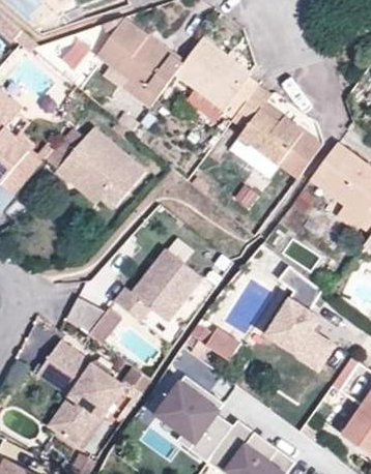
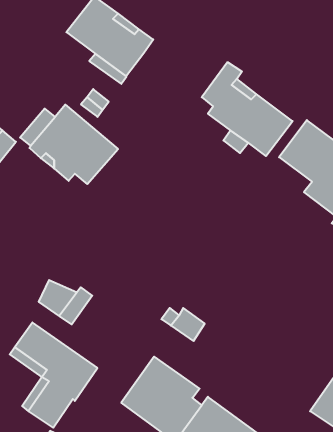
building: [173,33,257,120] -> none
building: [114,249,202,324] -> none
building: [260,264,334,372] -> none

